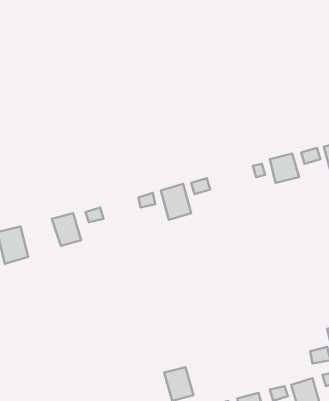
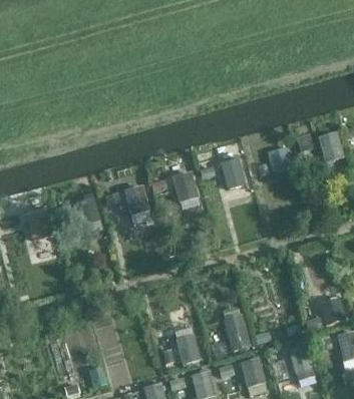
building: none -> [220,159,246,188]
building: none -> [123,184,149,216]
building: none -> [223,309,253,350]

